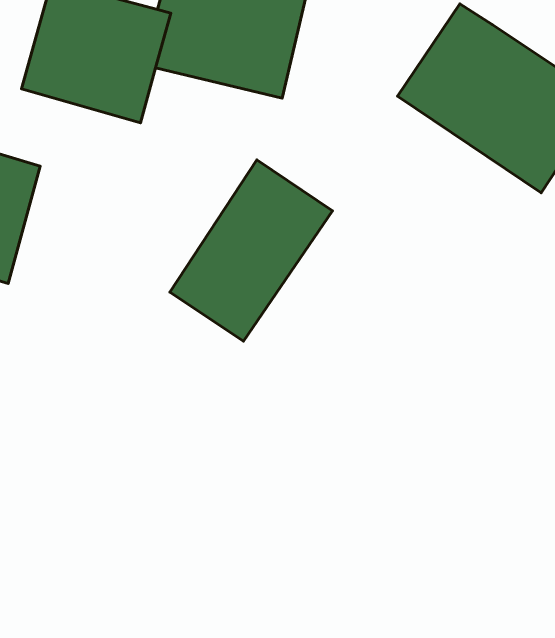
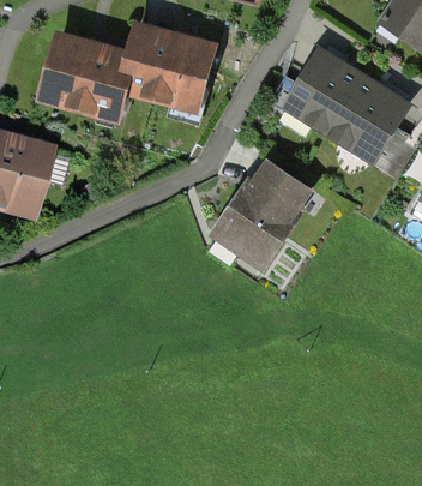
building: [170,160,332,341] -> [211,155,314,270]

